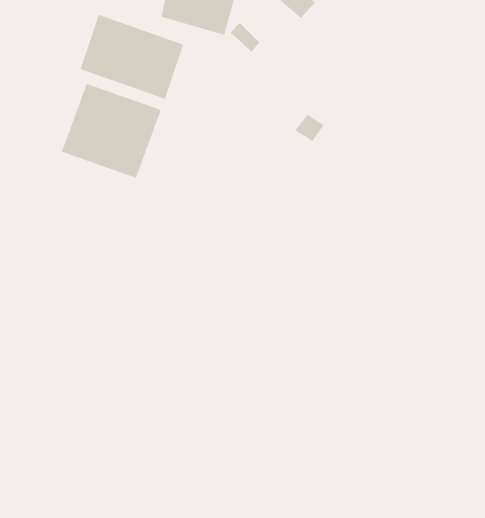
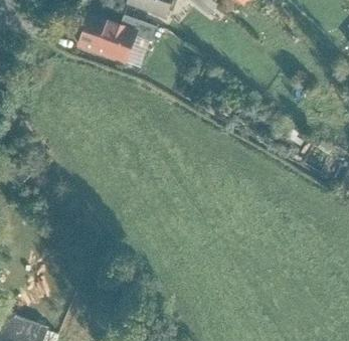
building: [61,83,162,179] -> none

